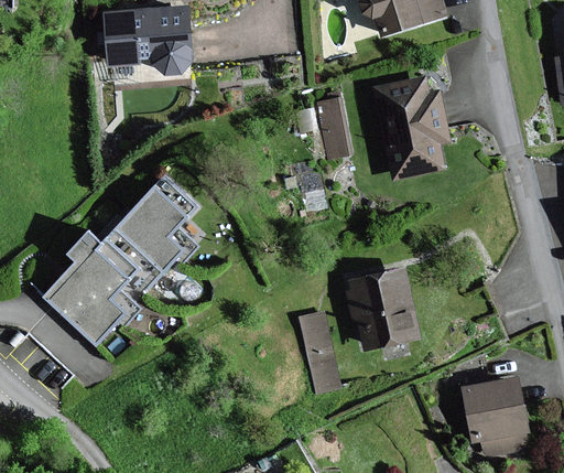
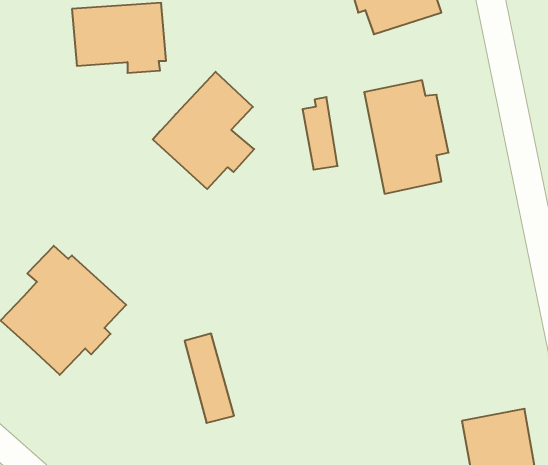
building: [106,175,198,282] -> [153,72,254,189]
building: [344,269,417,350] -> none
building: [296,308,341,389] -> [185,334,234,423]

